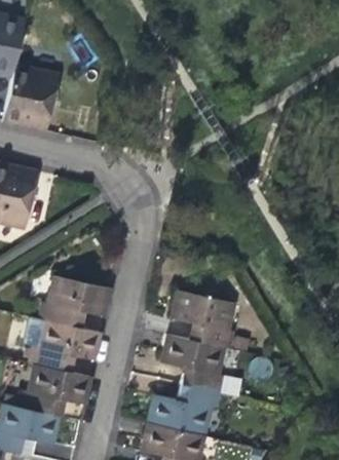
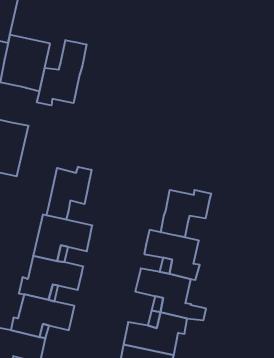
building: none -> [37,40,87,105]
building: none -> [47,167,92,220]
building: none -> [161,190,211,237]

